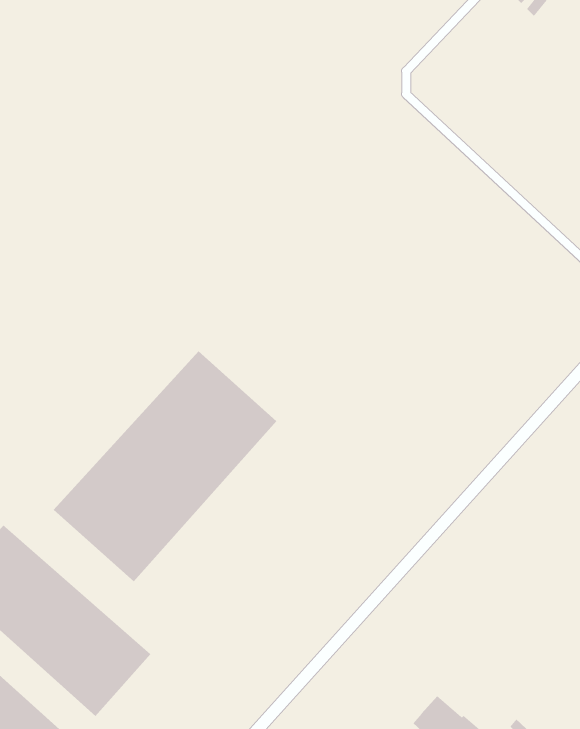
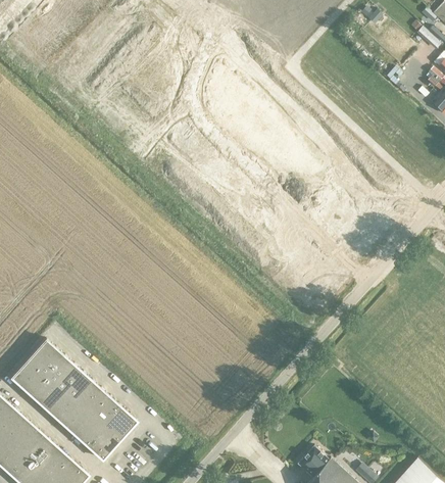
building: [53,351,277,582] -> none

